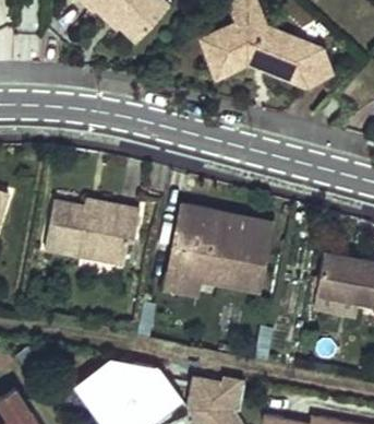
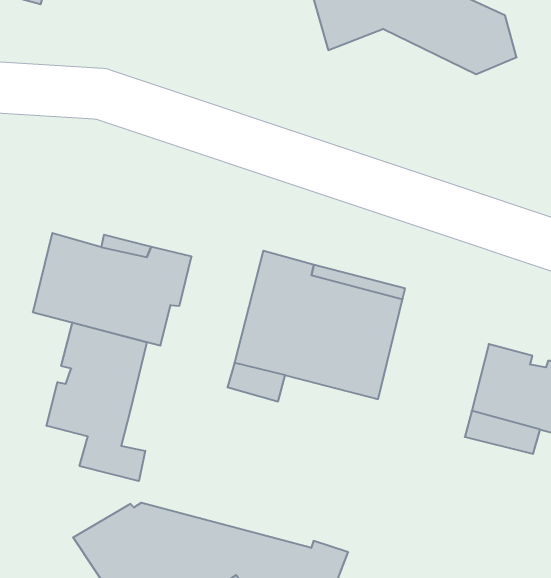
building: none -> [47,322,147,481]

